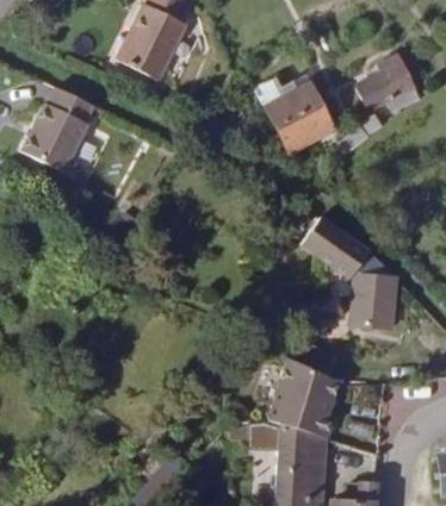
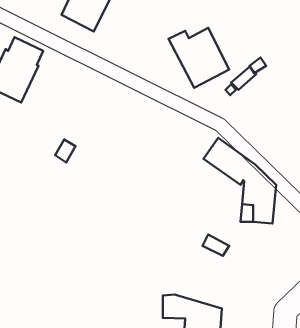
building: [357,56,420,114] -> none
building: [268,358,337,438] -> none

